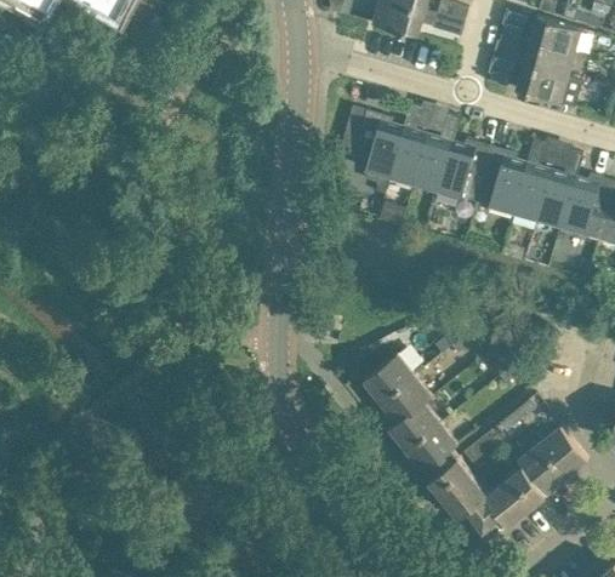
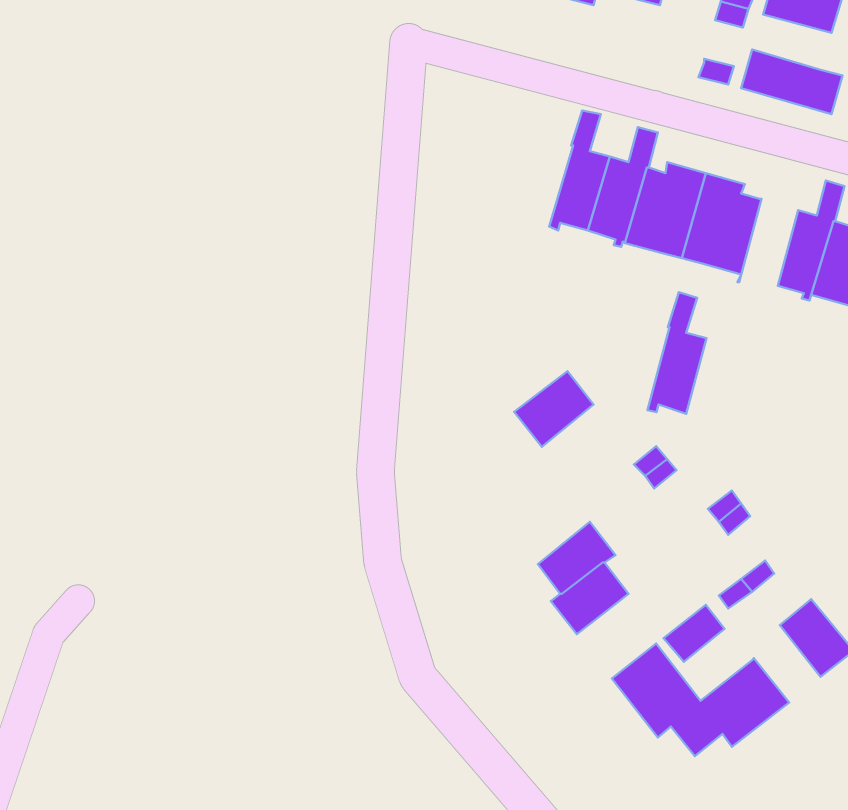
building: [520,44,573,80] -> none
building: [343,112,403,179] -> none
building: [512,142,551,222] -> [647,292,707,414]
building: [361,355,414,405] -> [514,371,593,447]
building: [405,424,456,473] -> none
building: [517,445,565,496] -> none

